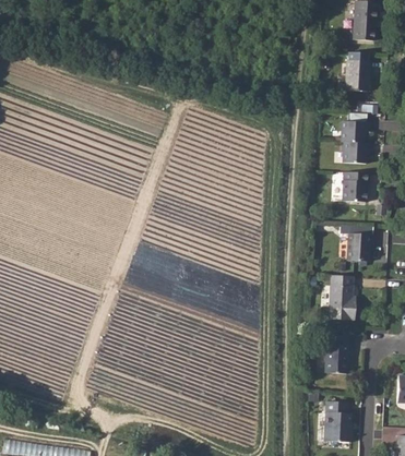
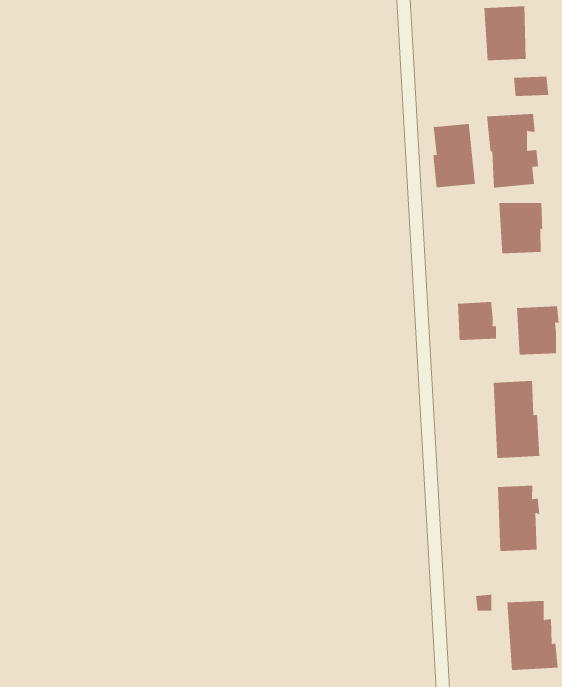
building: none -> [433,123,476,188]
building: none -> [458,301,496,341]

